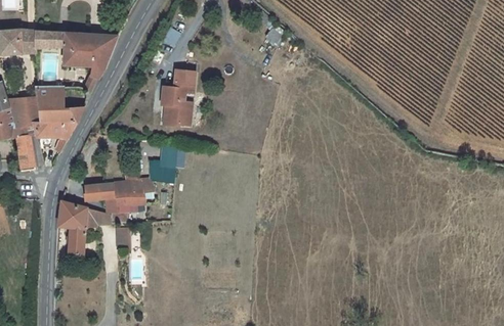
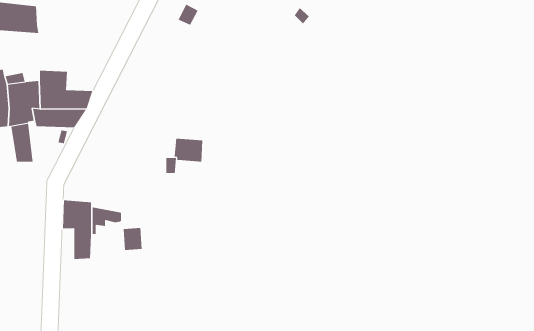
building: [36,30,114,79] -> none
building: [159,71,195,127] -> none
building: [84,181,145,224] -> none

